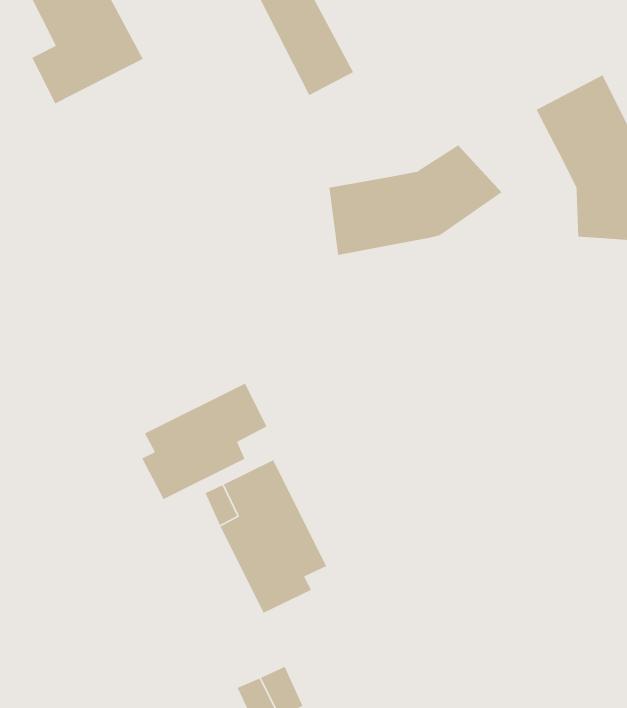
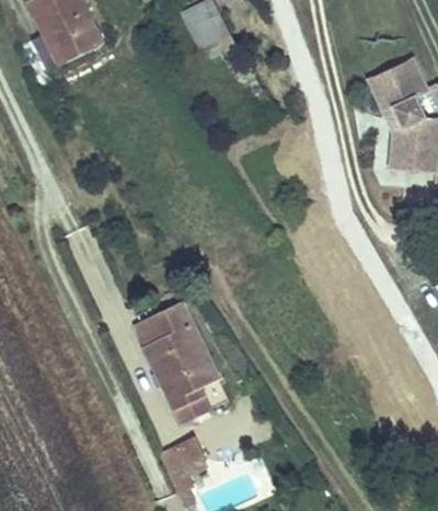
building: [328,144,503,256] -> none
building: [141,383,268,500] -> none

